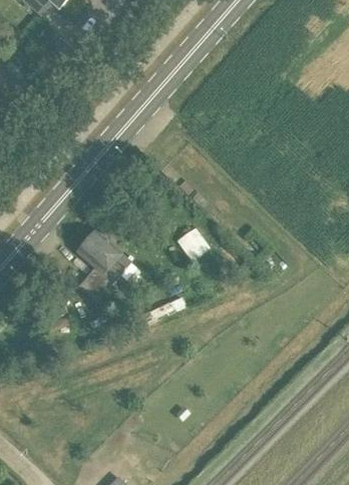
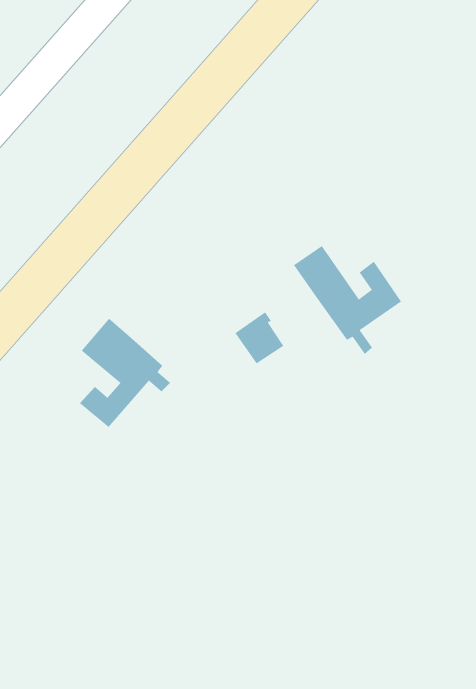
building: none -> [293,245,402,355]

